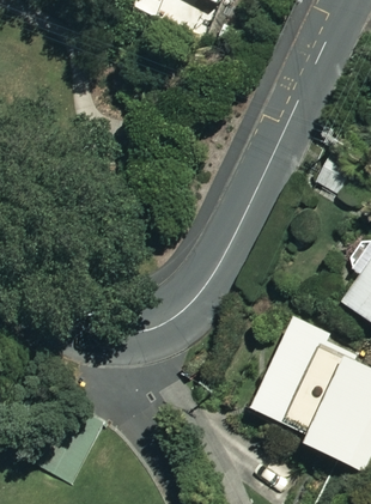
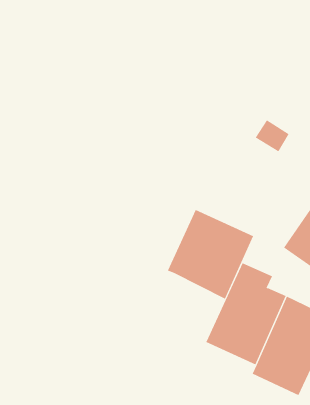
building: none -> [167,209,254,299]

